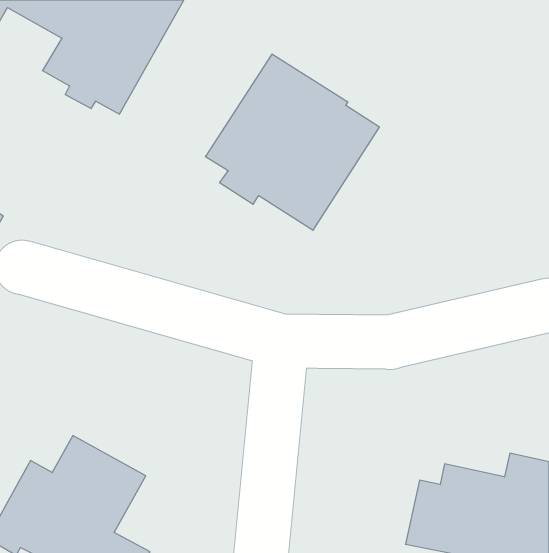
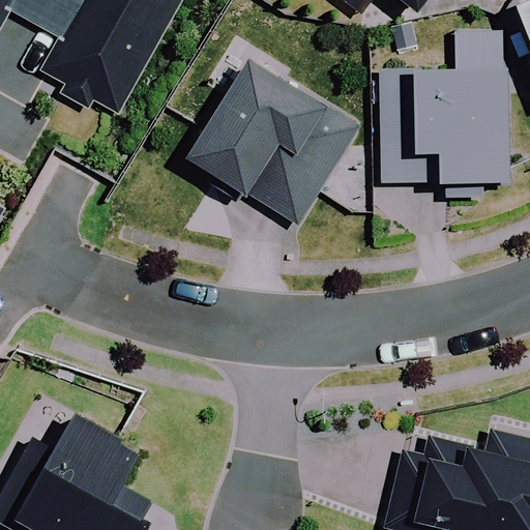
building: none -> [387,63,518,192]

